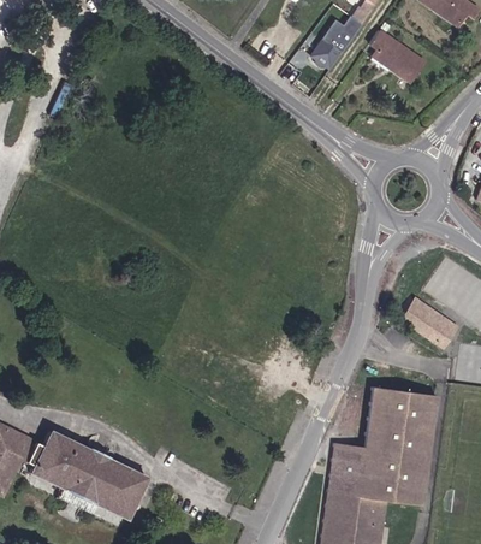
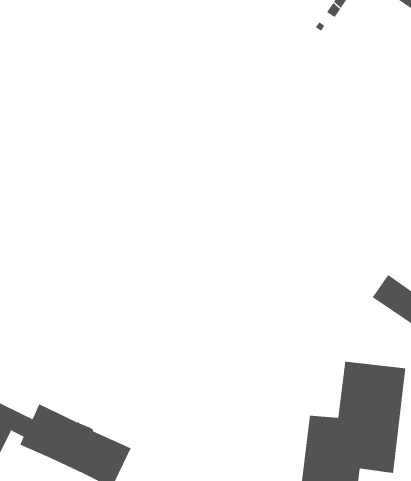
building: [370,30,424,82] -> none
building: [315,32,345,66] -> none

